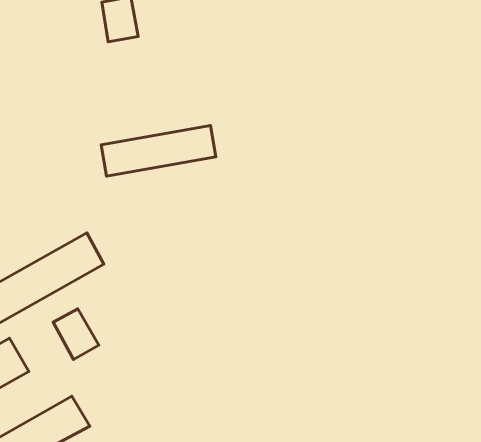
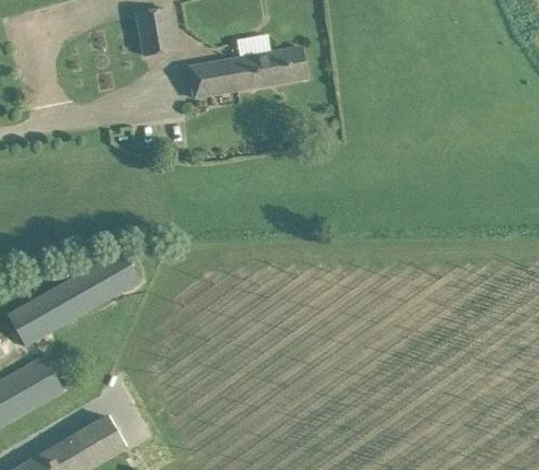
building: [101,126,216,176] -> [188,47,305,98]
building: [53,309,99,359] -> none

